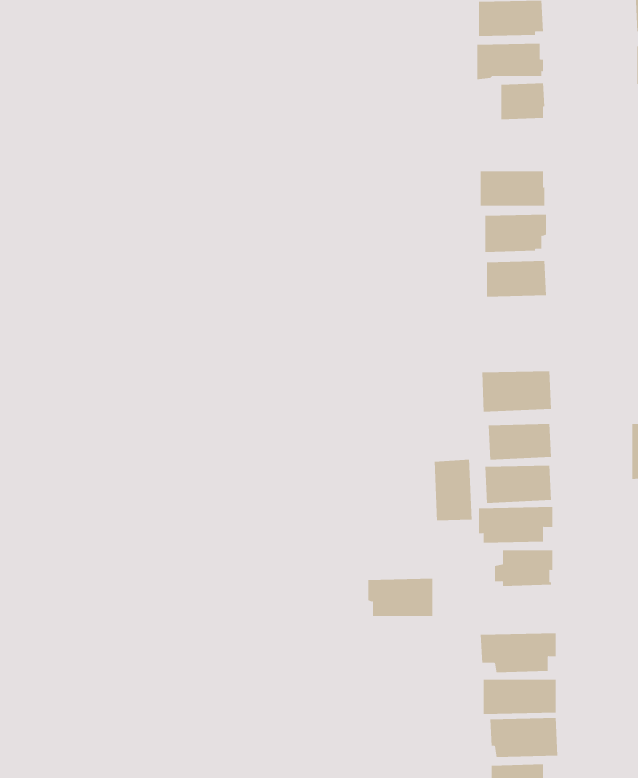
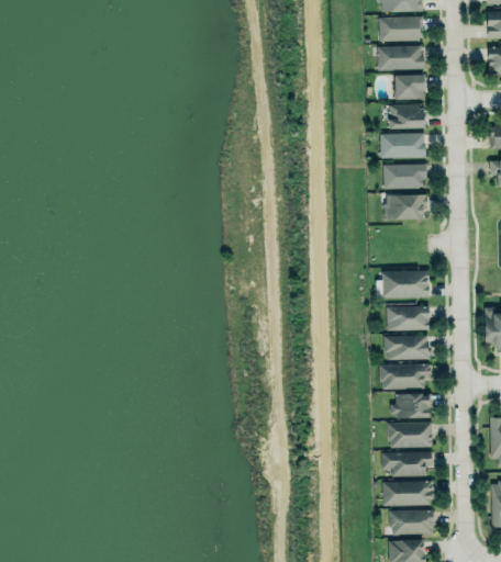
building: none -> [388,103,425,127]
building: [434,459,472,521] -> none
building: [367,578,433,616] -> [386,420,431,447]

